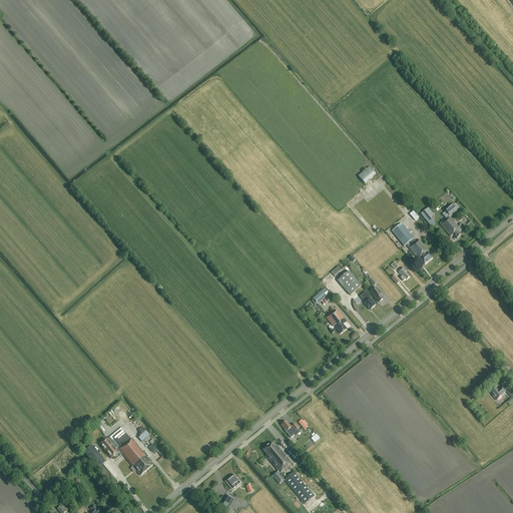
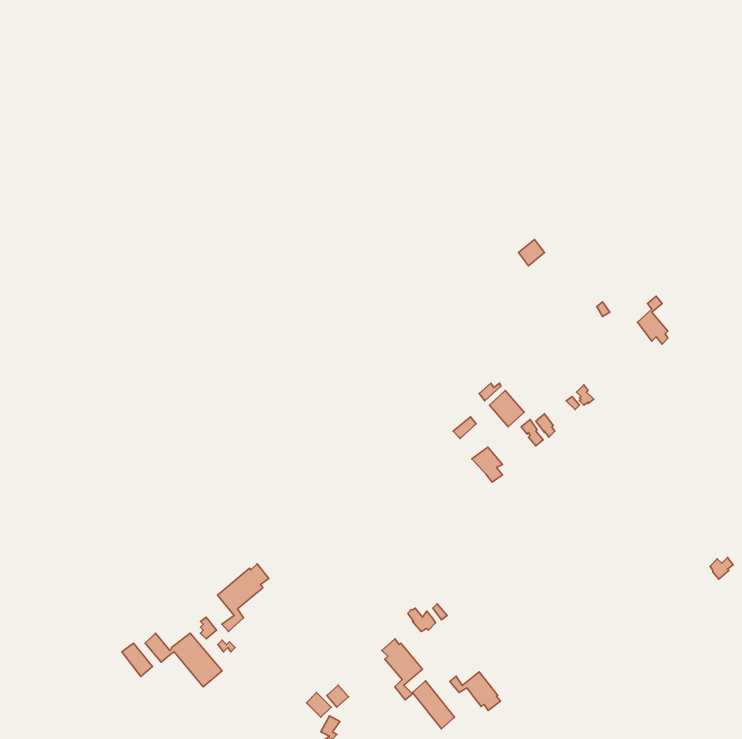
building: [392,222,432,264] -> none
building: none -> [218,564,269,632]
building: none -> [450,672,501,710]

